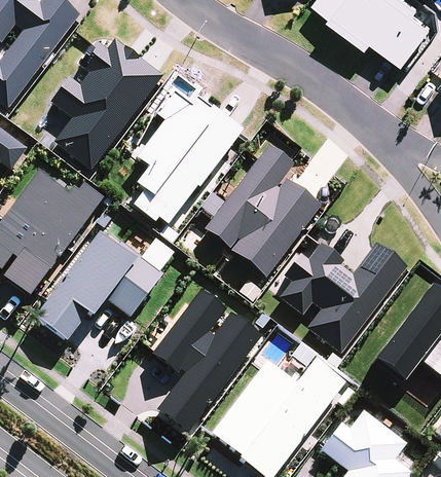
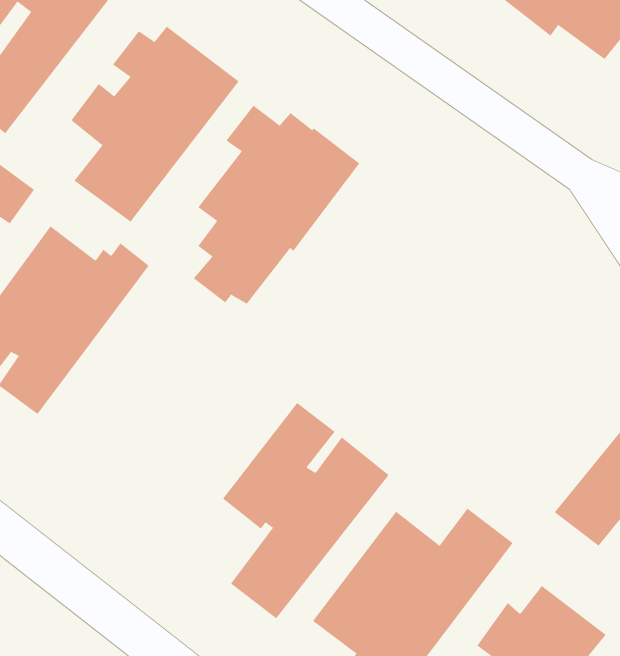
building: [205,144,322,276] -> none
building: [35,231,175,340] -> none
building: [280,243,407,352] -> none

